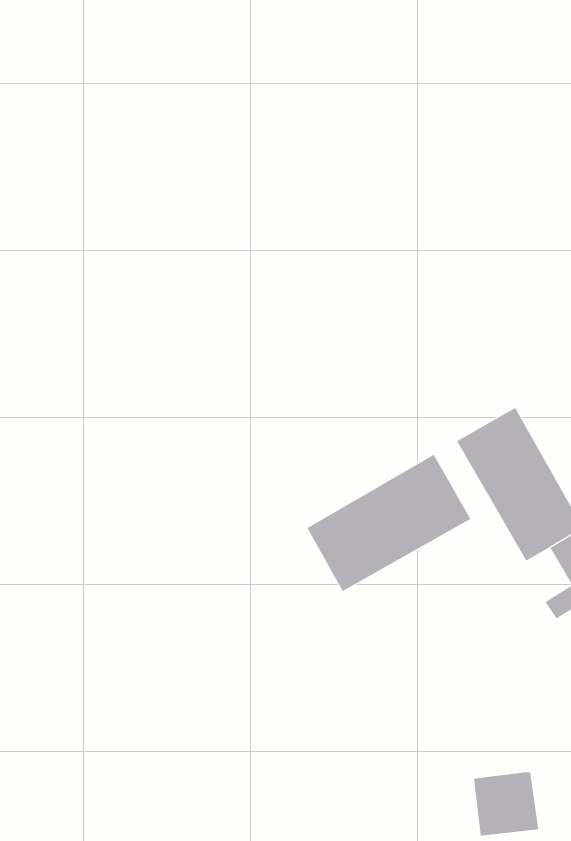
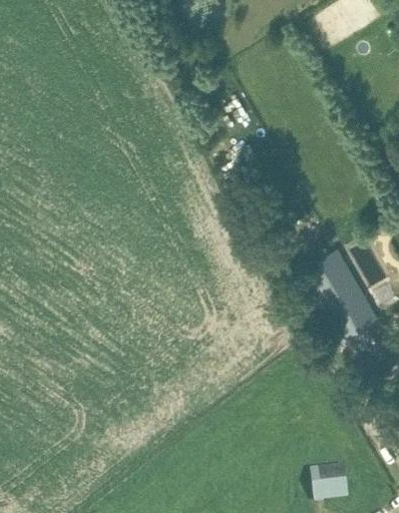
building: [307,454,471,592] -> none

